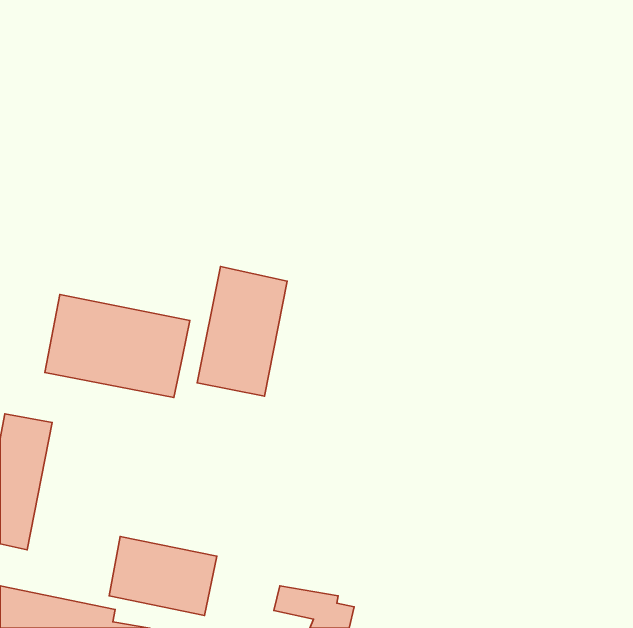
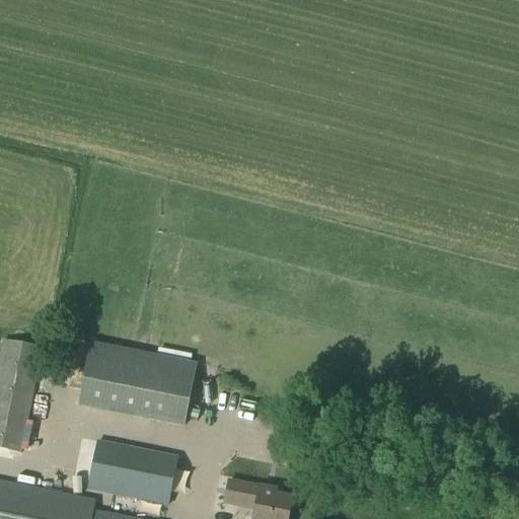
building: [197,267,287,396] -> none
building: [45,295,190,397] -> [78,340,197,424]

